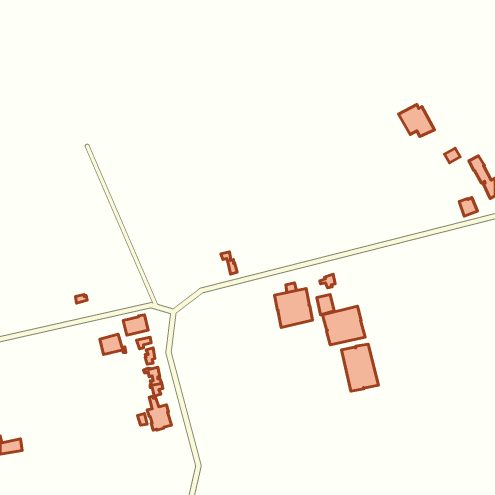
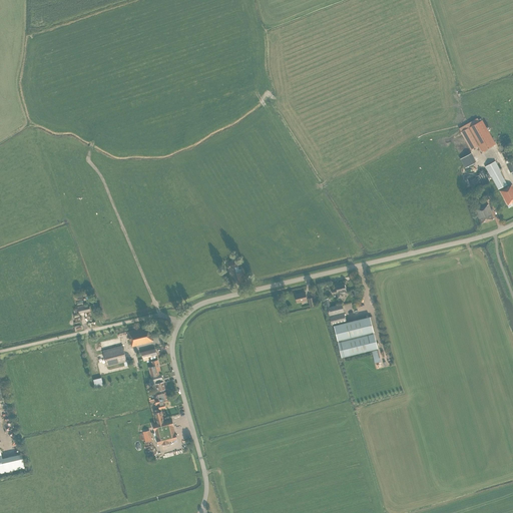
building: [399,105,434,137] -> [459,118,496,151]
building: [274,289,313,328] -> none
building: [341,344,378,391] -> none

